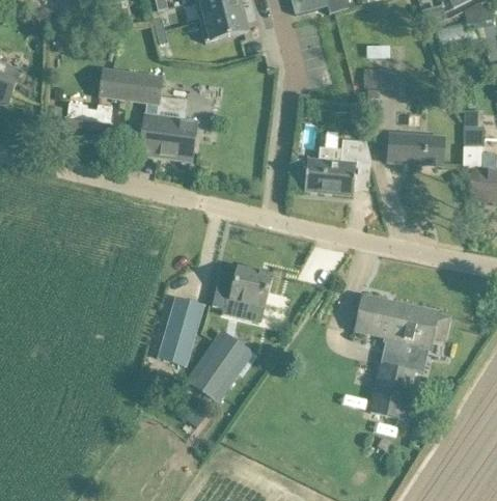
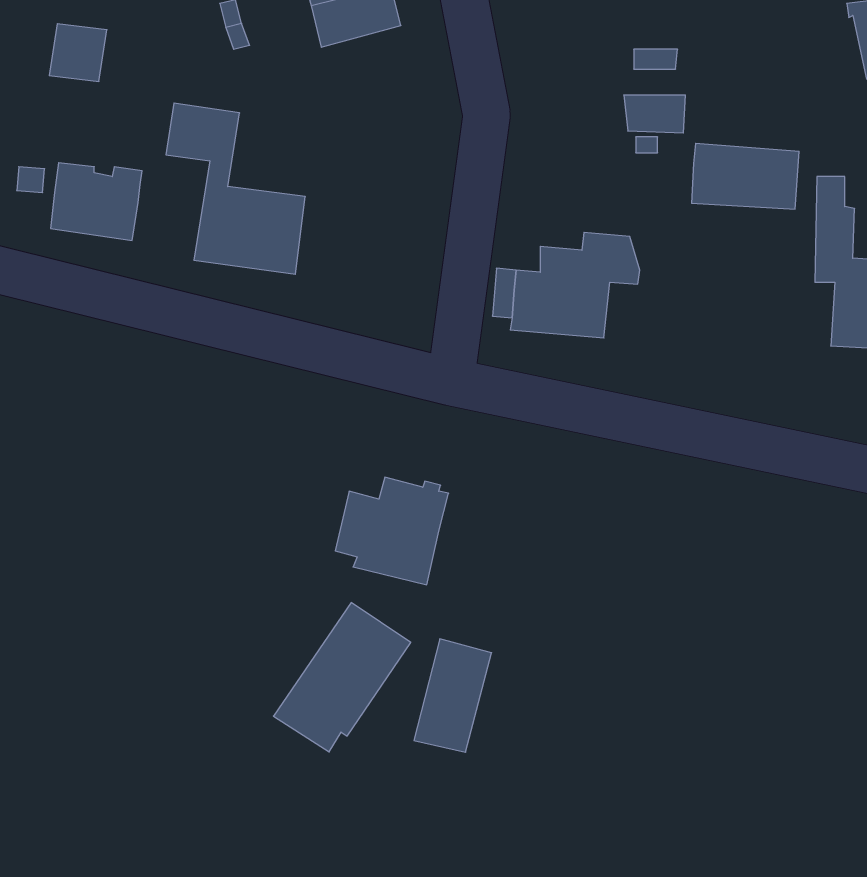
building: [99,67,129,98] -> [49,24,107,81]
building: [388,130,444,164] -> [692,143,799,209]
building: [356,295,449,417] -> none
building: [162,296,202,355] -> [414,639,492,752]

